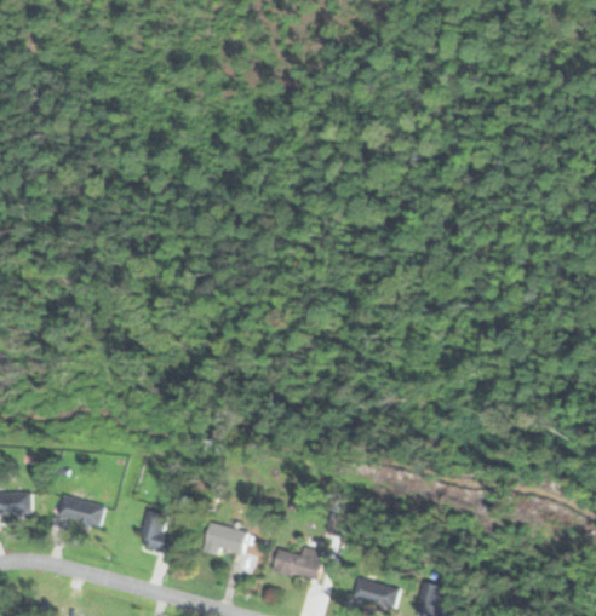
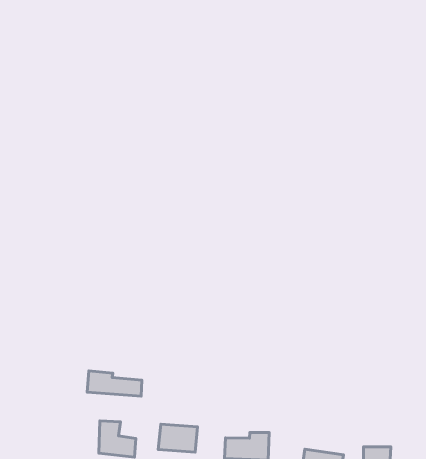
building: none -> [87,371,142,396]
building: [55,493,103,526] -> none

